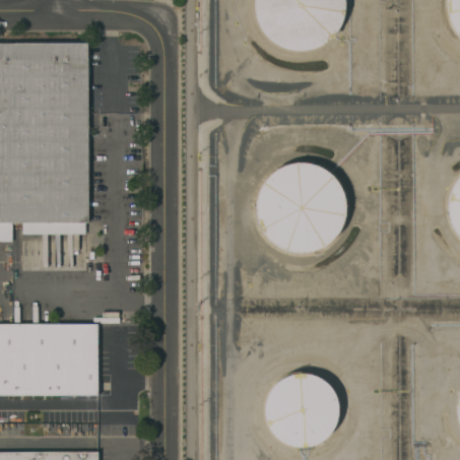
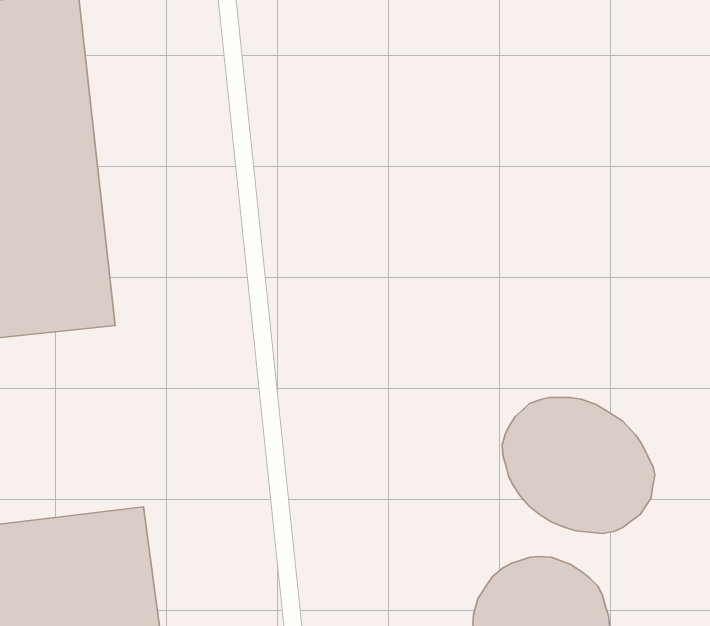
building: [256,161,345,251] -> none
building: none -> [502,398,655,534]

